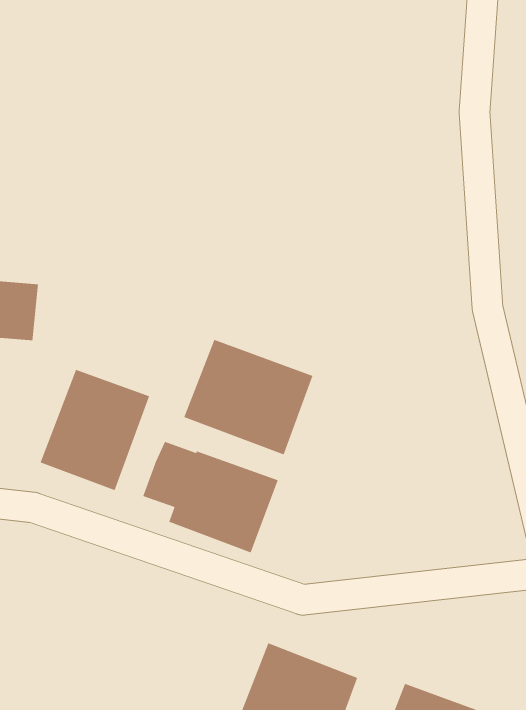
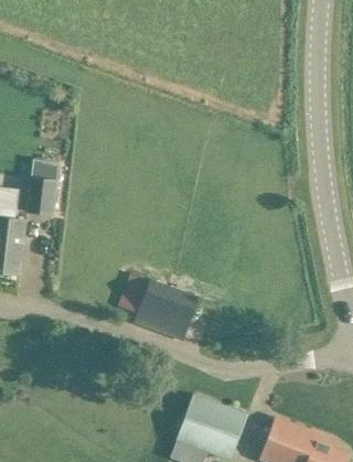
building: [183,339,313,456] -> none
building: [39,369,150,491] -> none

